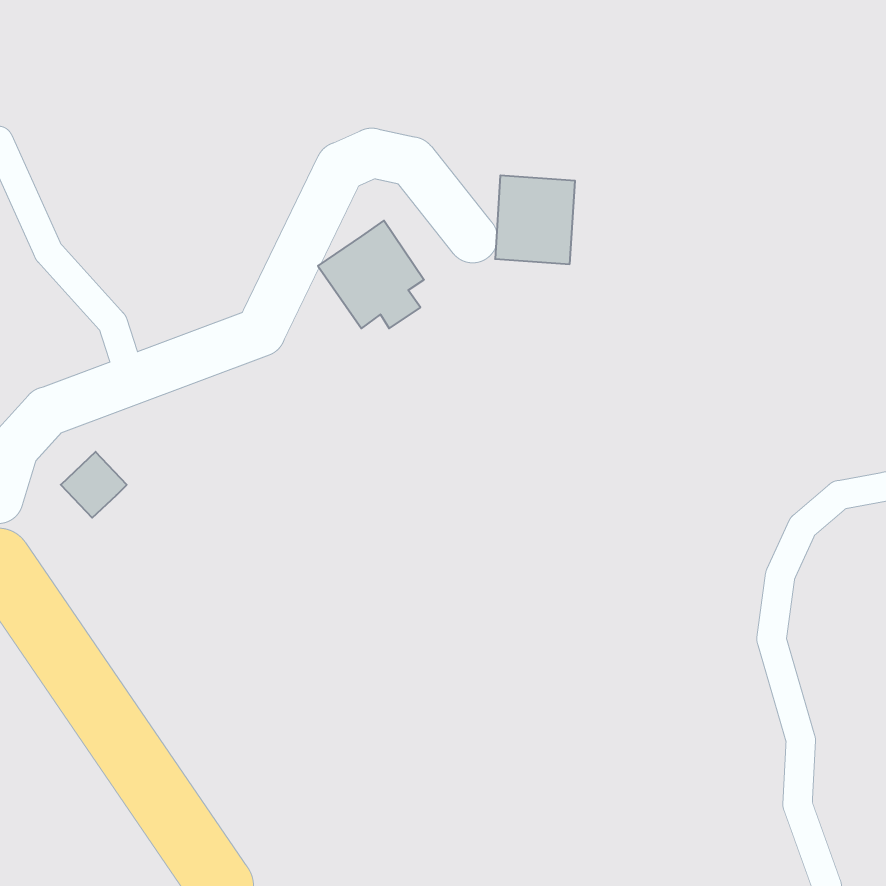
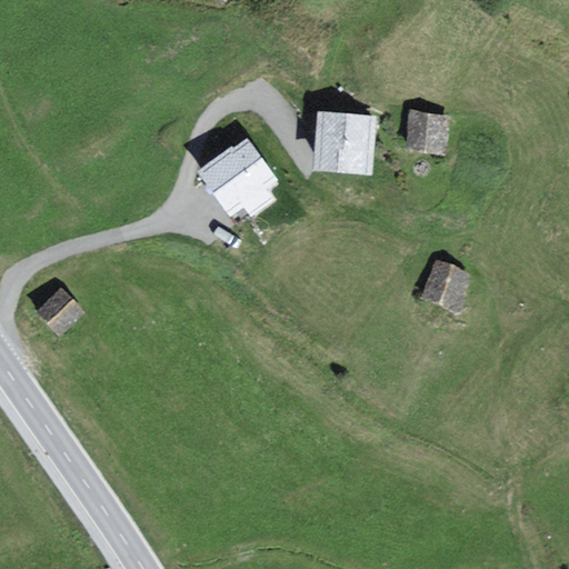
building: none -> [409,111,443,150]
building: none -> [423,260,468,306]

